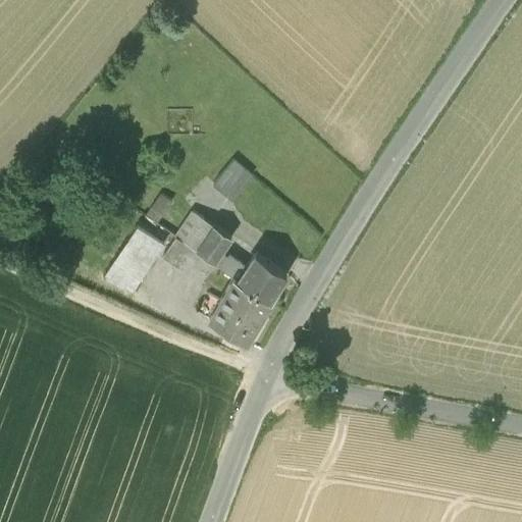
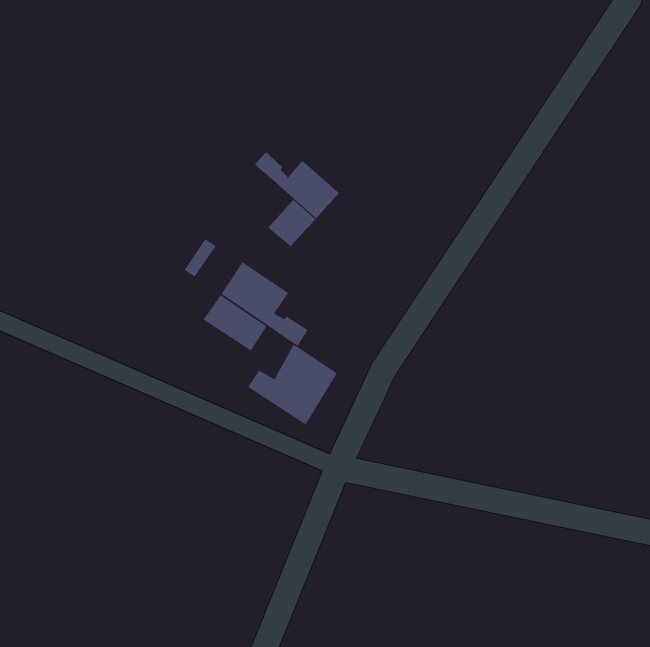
building: none -> [254,152,340,219]
building: [104,227,165,293] -> none
building: [240,254,288,302] -> none

